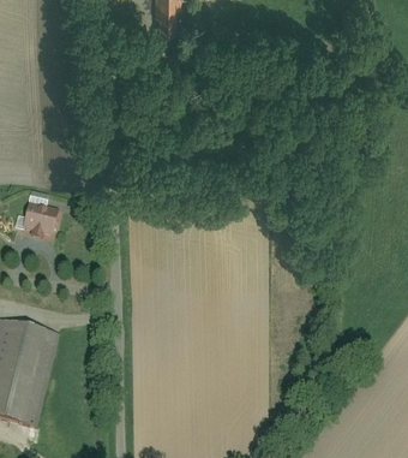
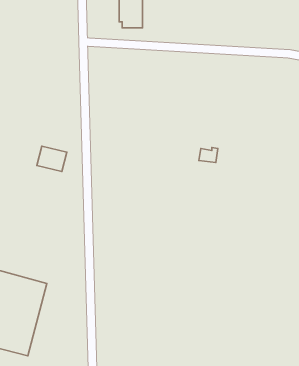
building: [28,203,64,233] -> [37,146,67,171]

